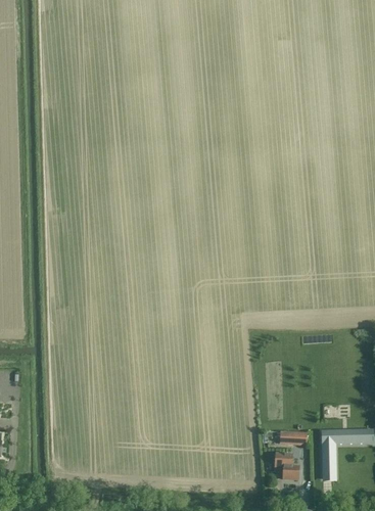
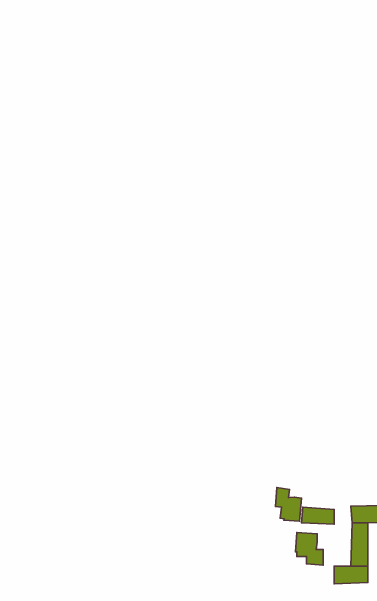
building: none -> [276,487,301,521]
building: none -> [334,566,368,584]

